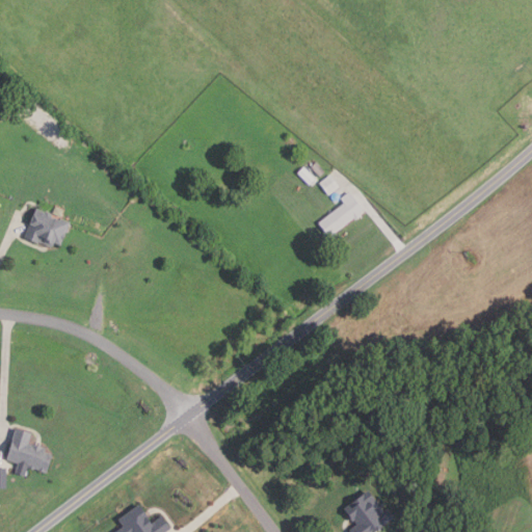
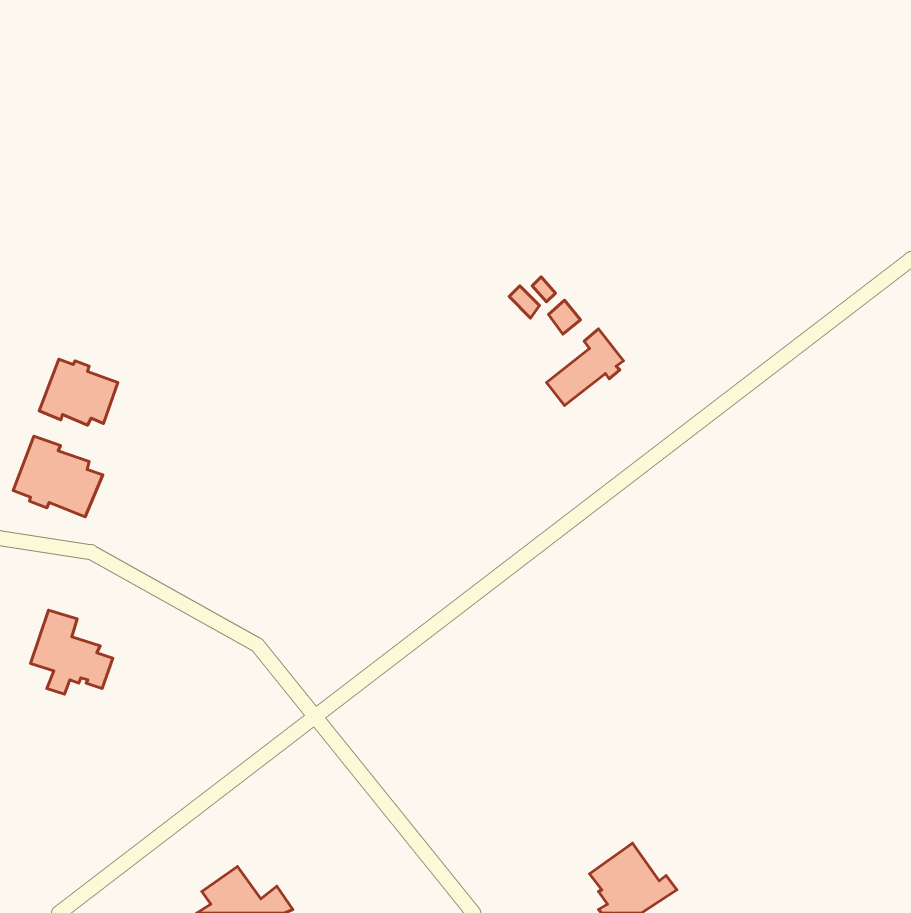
building: none -> [13,436,103,517]
building: [4,427,52,476] -> [31,610,113,694]

